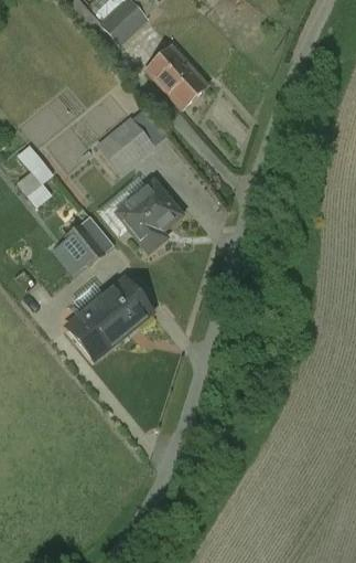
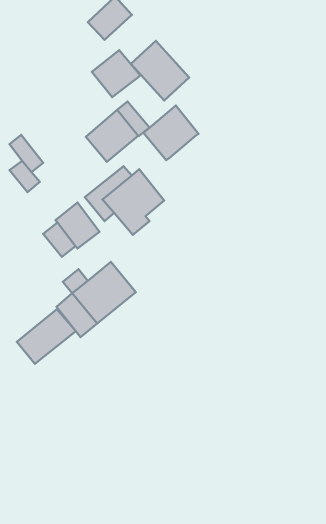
building: none -> [92,50,140,97]
building: none -> [143,105,198,160]
building: none -> [17,309,76,364]

